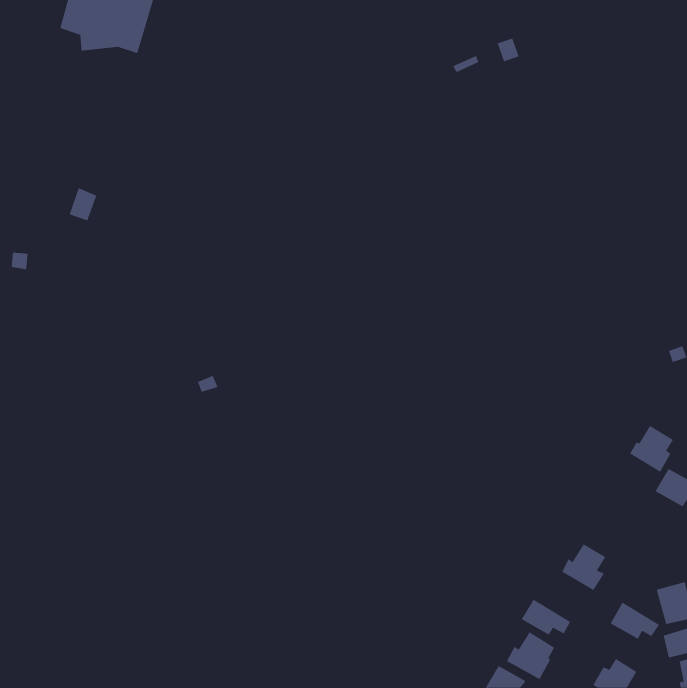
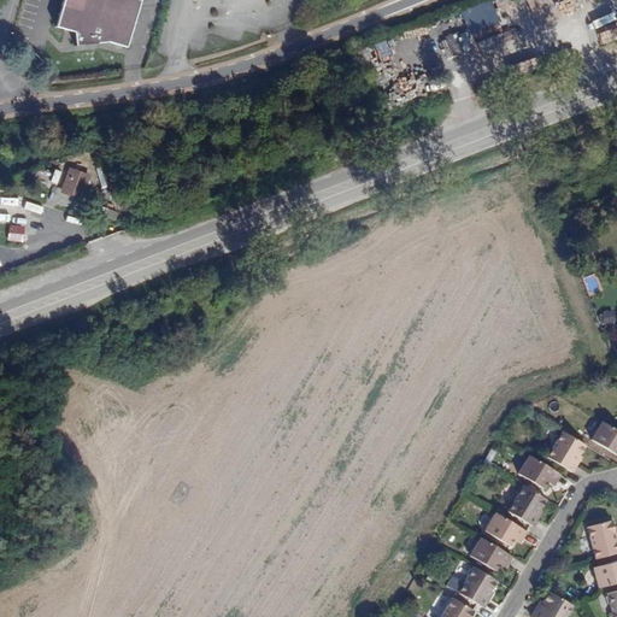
building: [629,425,674,472] -> [541,430,581,472]
building: none -> [517,454,562,488]
building: [610,602,660,640] -> [482,511,527,545]

